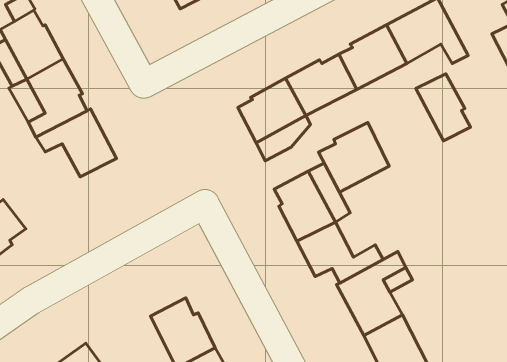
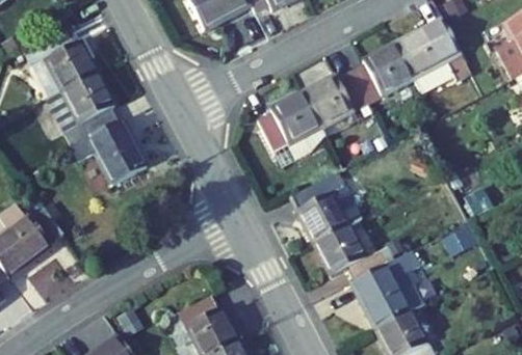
building: [416,74,471,141] -> none
building: [319,123,389,192] -> none

